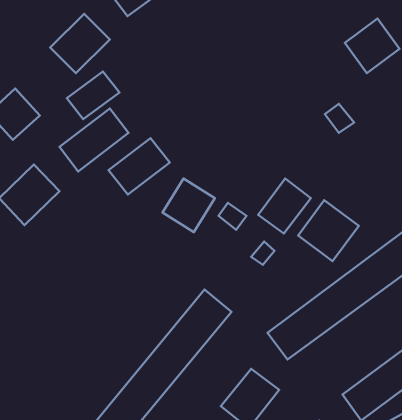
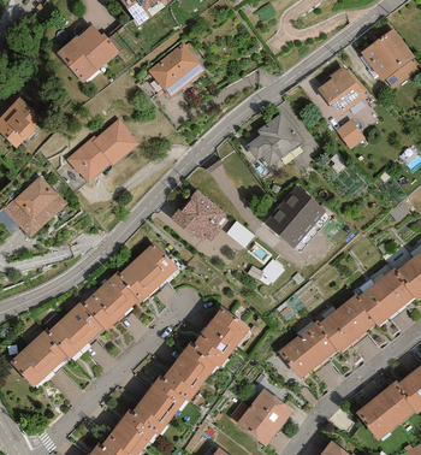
building: none -> [318,66,368,117]
building: [67,71,119,119] -> [147,45,201,94]
building: none -> [245,108,302,164]
building: [109,138,170,195] -> none
building: [298,200,359,261] -> none
building: none -> [12,240,174,389]

